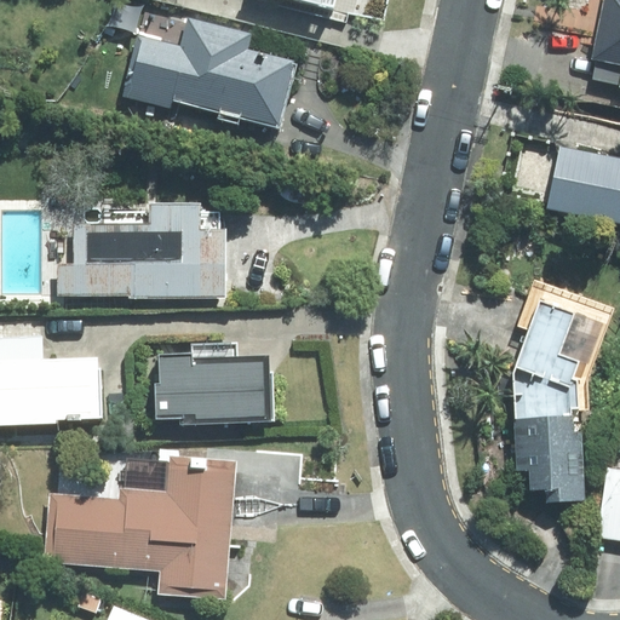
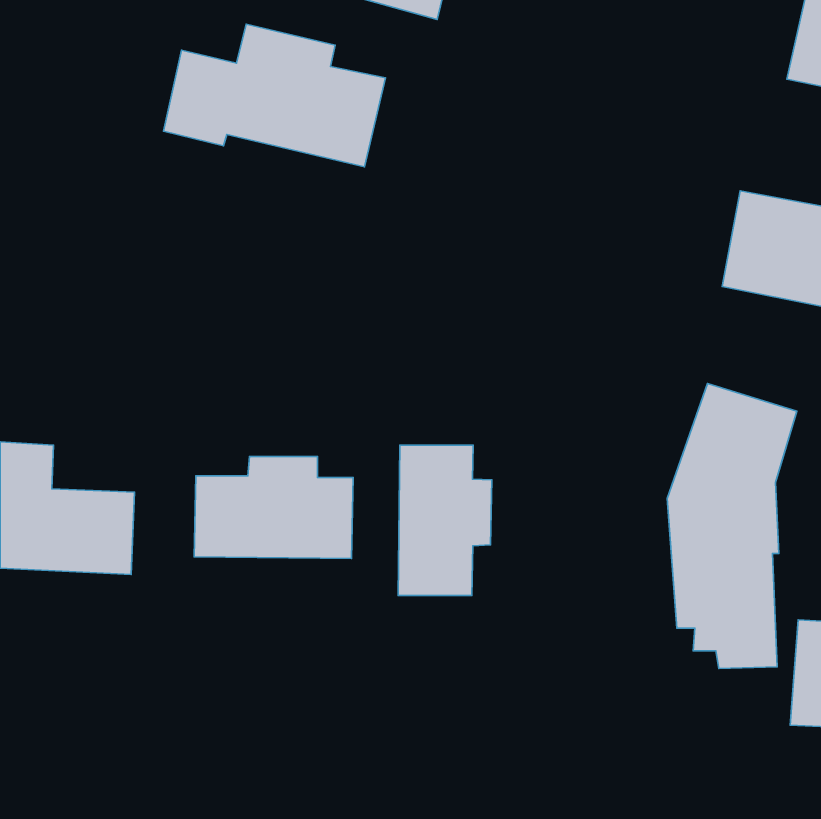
building: [57,203,225,299] -> none
building: none -> [398,445,492,596]
building: [51,458,232,603] -> none

